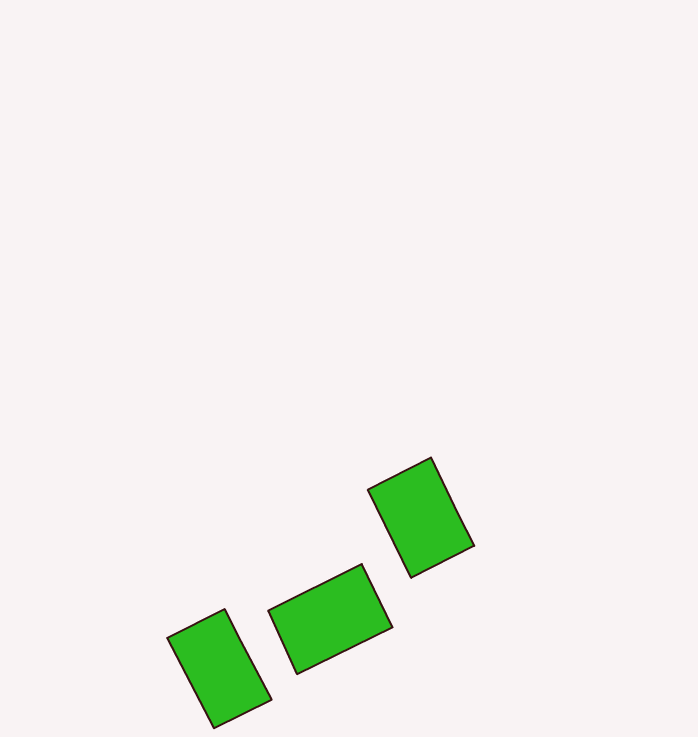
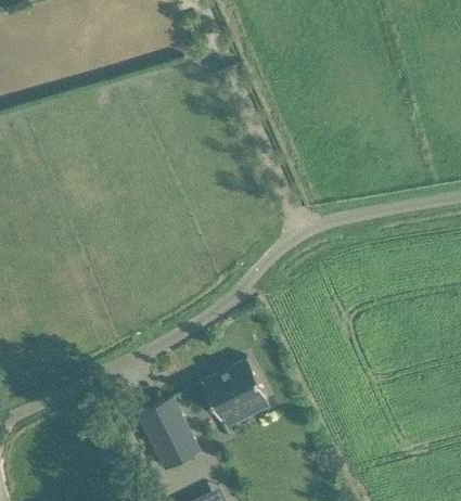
building: [368,457,474,578] -> none

